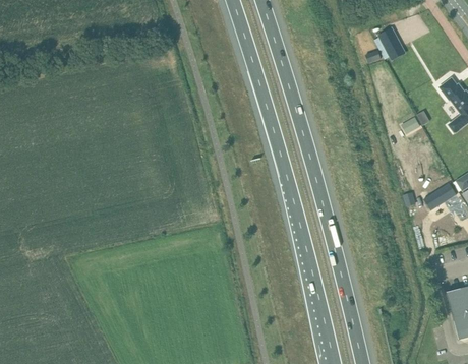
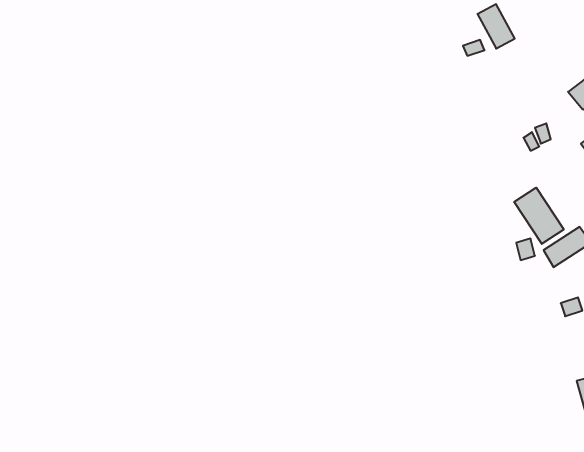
building: none -> [514,188,564,244]

